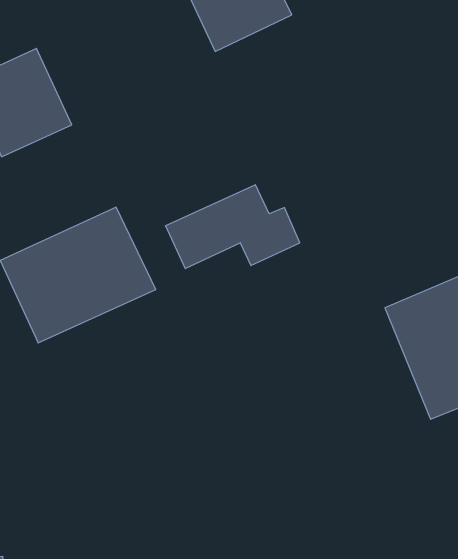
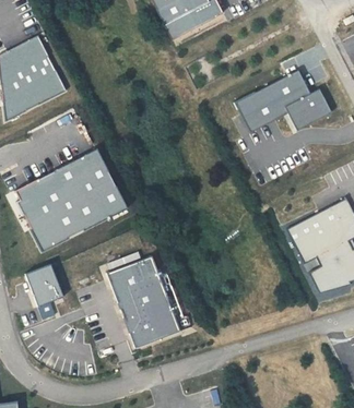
building: [165,185,300,269] -> [235,72,331,132]
building: none -> [107,257,182,347]
building: none -> [24,264,64,308]

